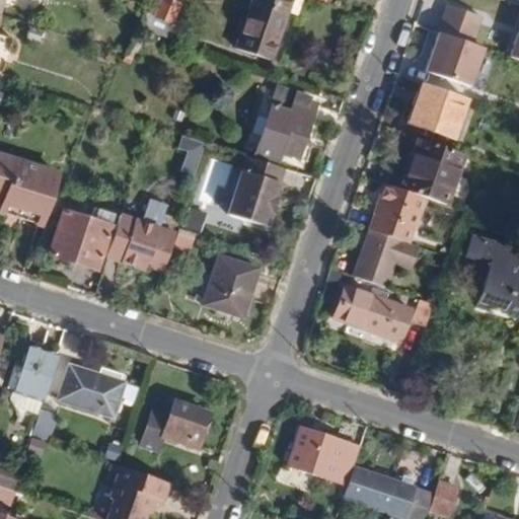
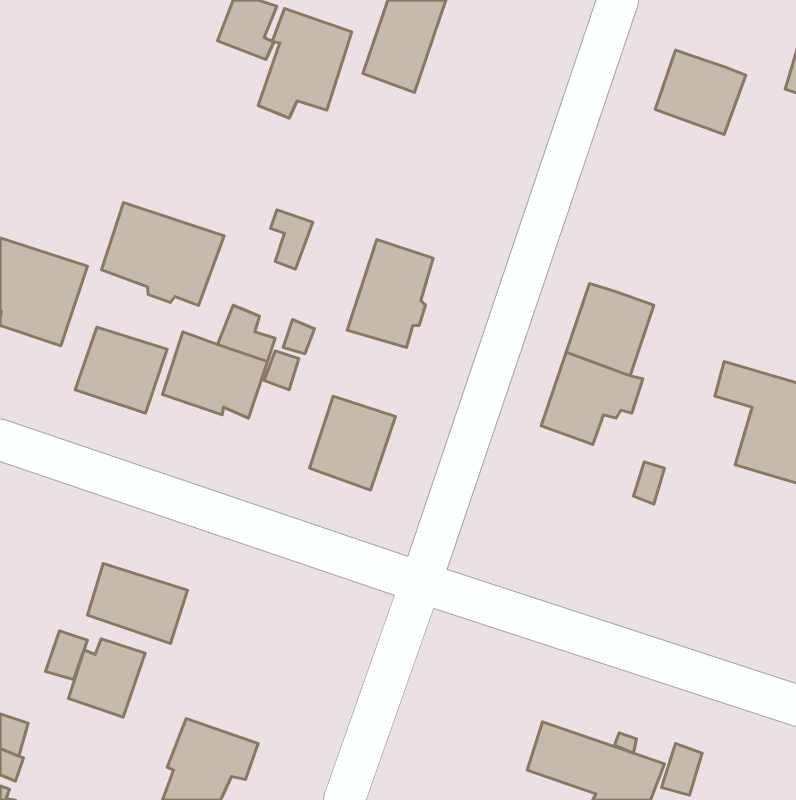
building: [439,5,481,44] -> none
building: [410,83,467,136] -> none
building: [254,89,315,160] -> [258,9,352,118]
building: none -> [102,202,224,305]
building: [400,138,462,205] -> none
building: [335,287,407,340] -> none
building: [7,350,57,400] -> [68,639,145,717]
building: [143,402,208,449] -> none
building: [290,429,361,485] -> none

